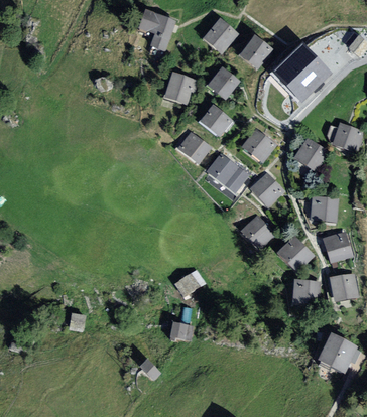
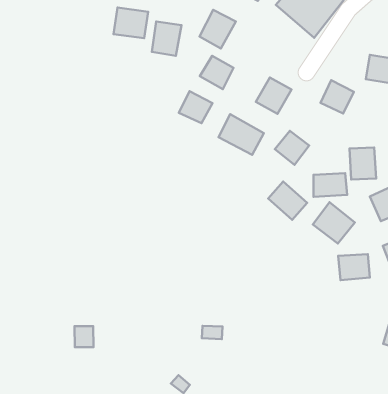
building: none -> [113,8,148,38]
building: none -> [313,173,347,197]
building: [175,267,206,292] -> none

